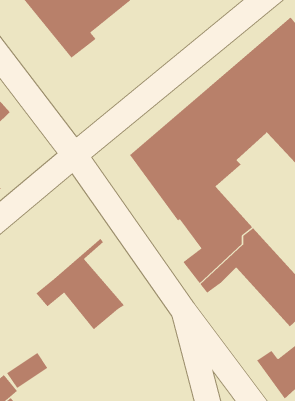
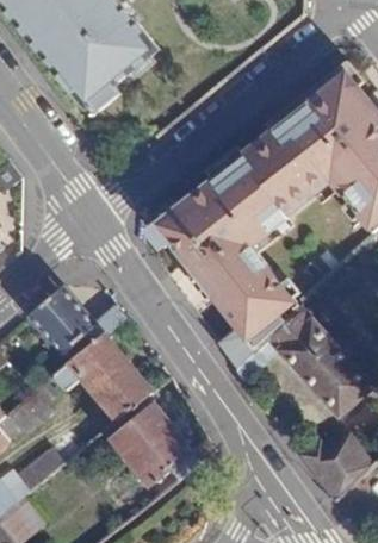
building: none -> [26,288,123,362]
building: none -> [112,397,198,485]

